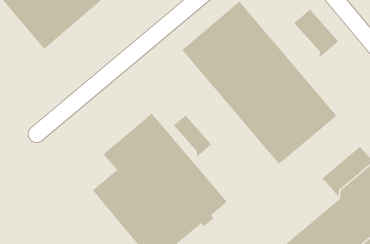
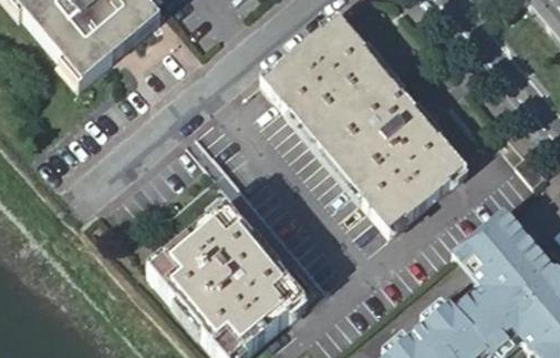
building: [293,9,339,59] -> none
building: [173,114,212,158] -> none

